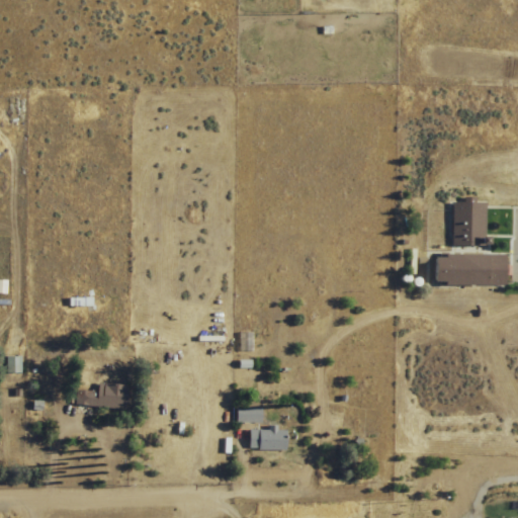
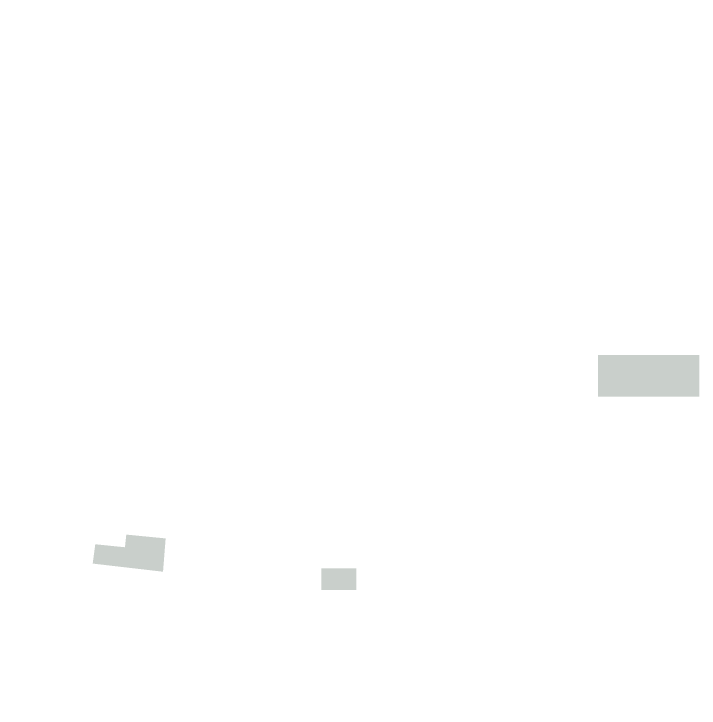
building: [454,201,488,246] -> none
building: [247,428,287,449] -> none

